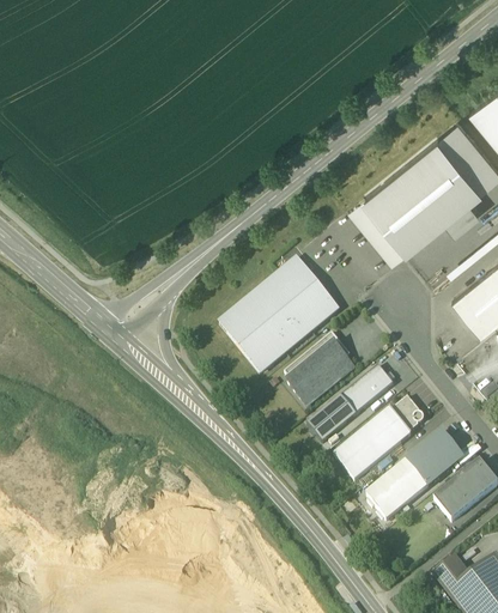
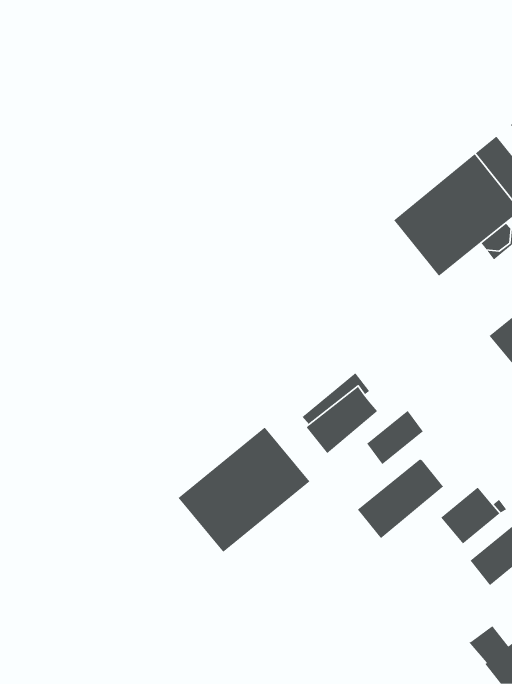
building: [352,198,407,259] -> none
building: [220,260,339,372] -> [178,426,311,553]
building: [308,396,357,443] -> none
building: [393,397,425,433] -> none
building: [366,462,429,520] -> none

